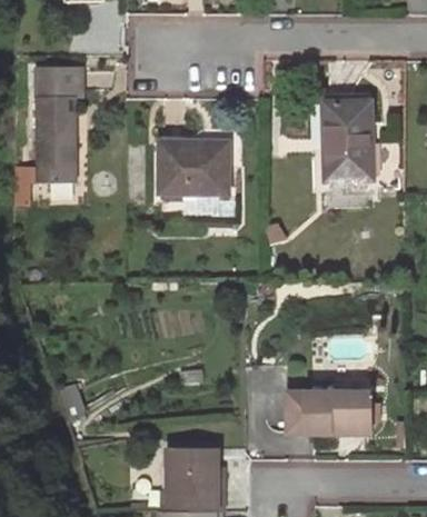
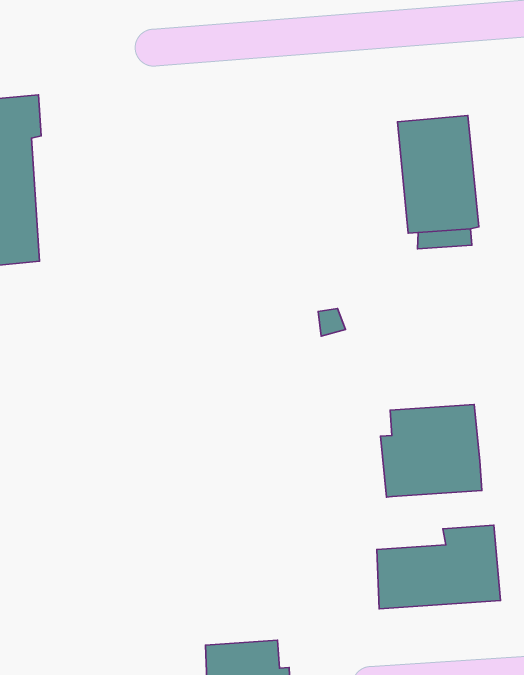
building: [158,141,226,199] -> none
building: none -> [380,405,482,497]

